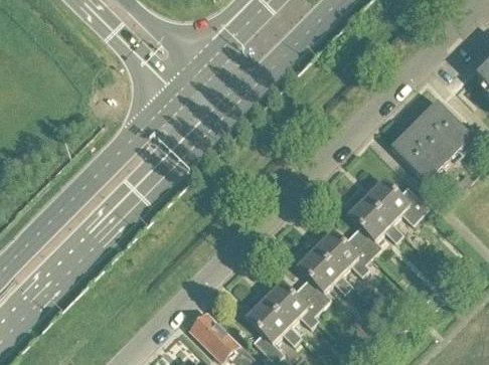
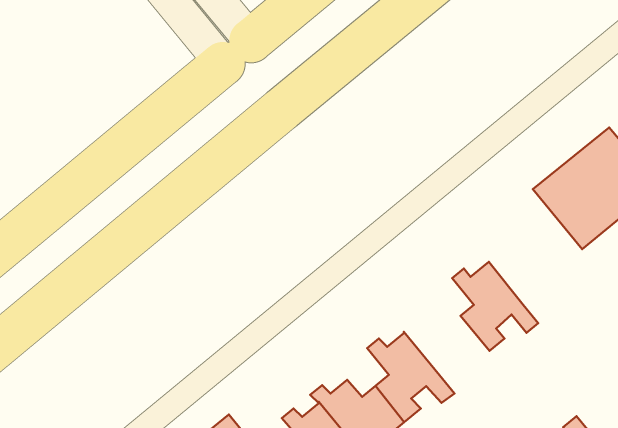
building: [361,181,430,225] -> none
building: [310,232,373,277] -> none

